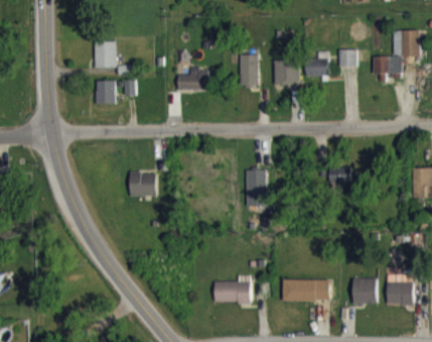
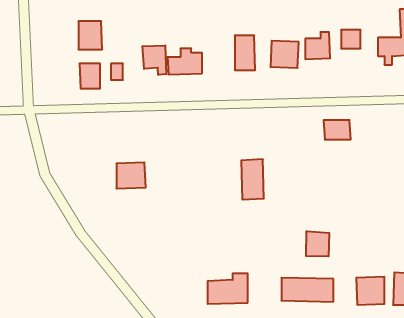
building: none -> [143,45,166,75]
building: [327,167,352,186] -> [324,120,351,140]
building: none -> [306,231,329,256]

